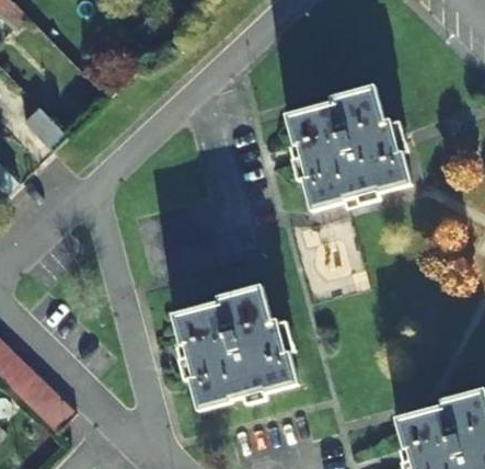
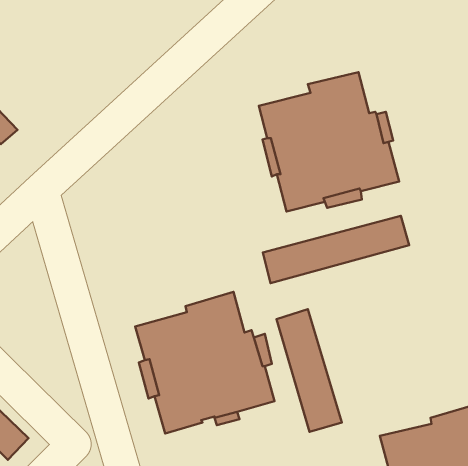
building: none -> [263,216,409,283]
building: none -> [277,309,342,432]

